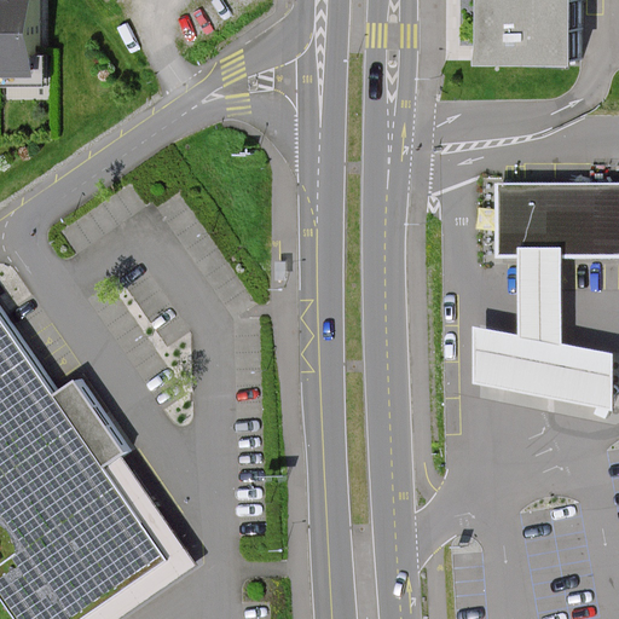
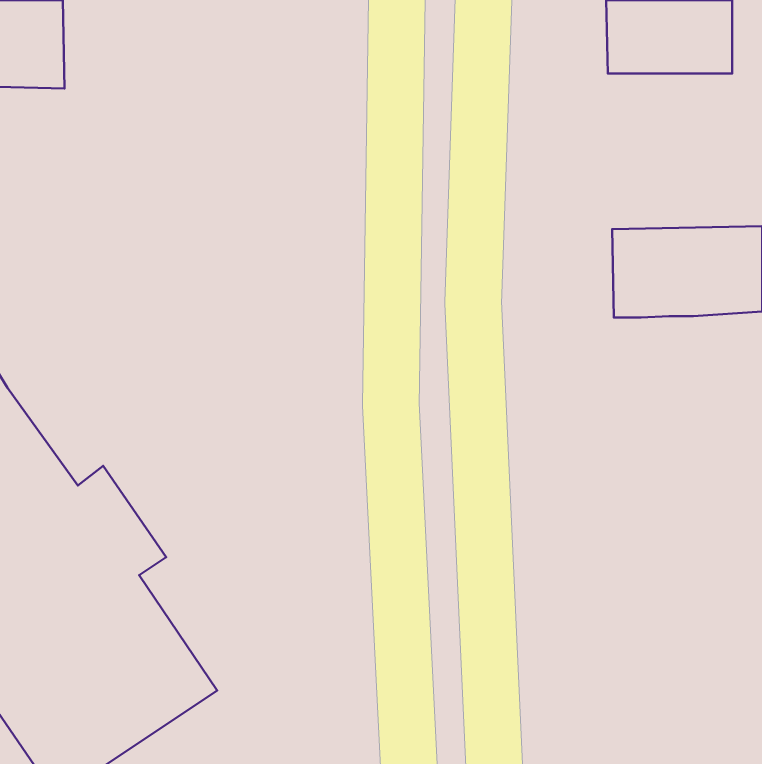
building: [474,256,608,407] -> none

